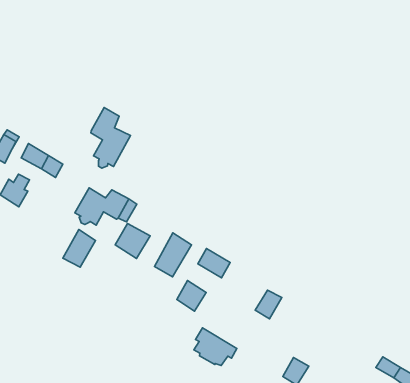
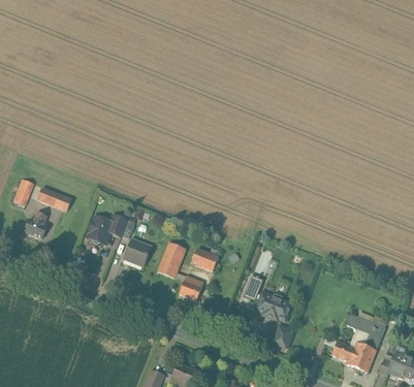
building: [91,107,131,168] -> none
building: [63,230,95,267] -> none
building: [194,328,237,366] -> [258,291,292,319]

